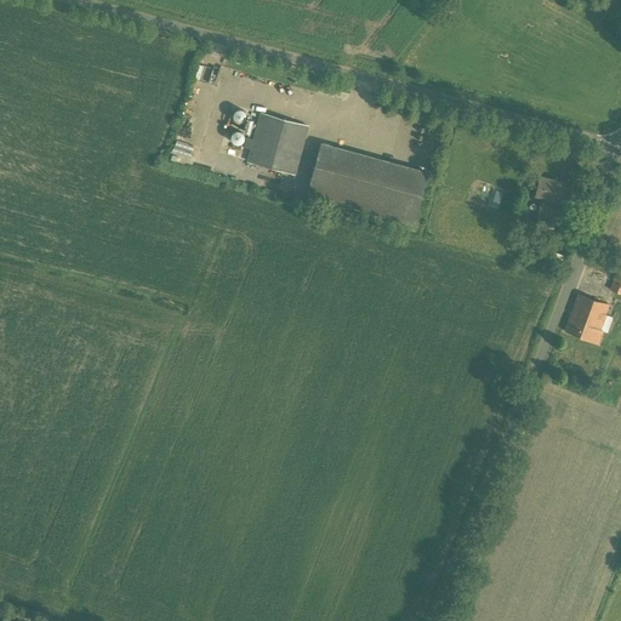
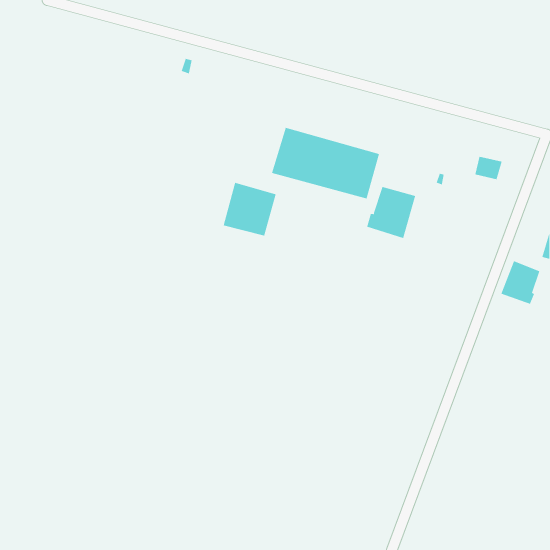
building: [247,113,308,173] -> [223,182,277,236]
building: none -> [367,186,416,239]

